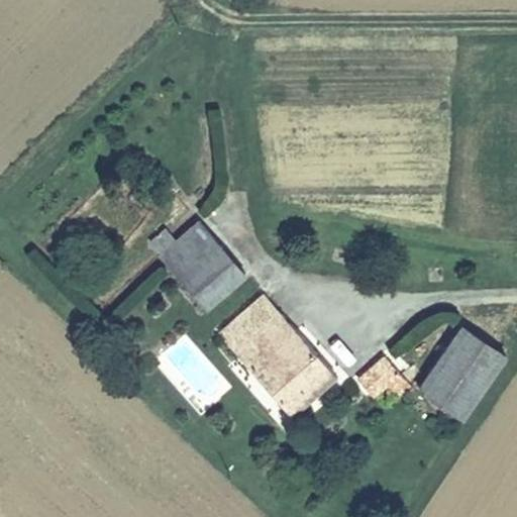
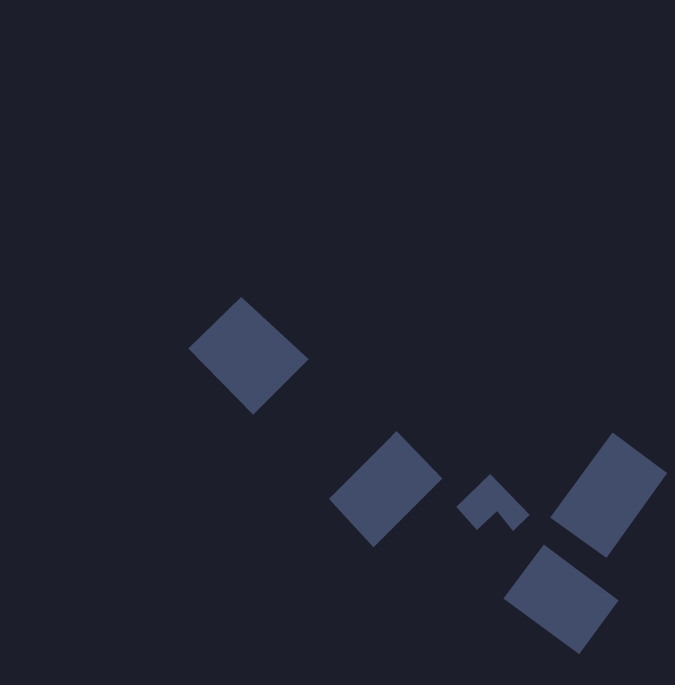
building: [214,295,298,376] -> none
building: none -> [503,543,619,655]

